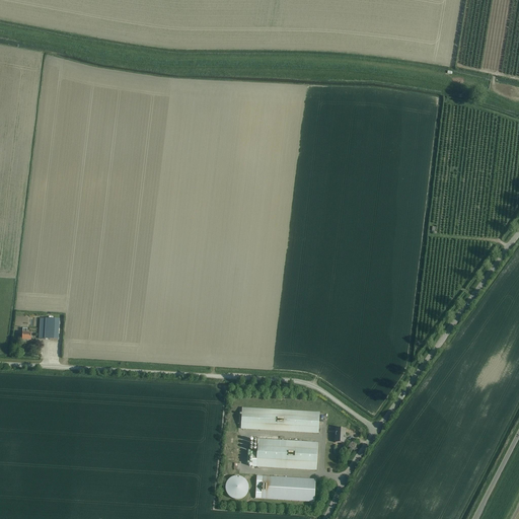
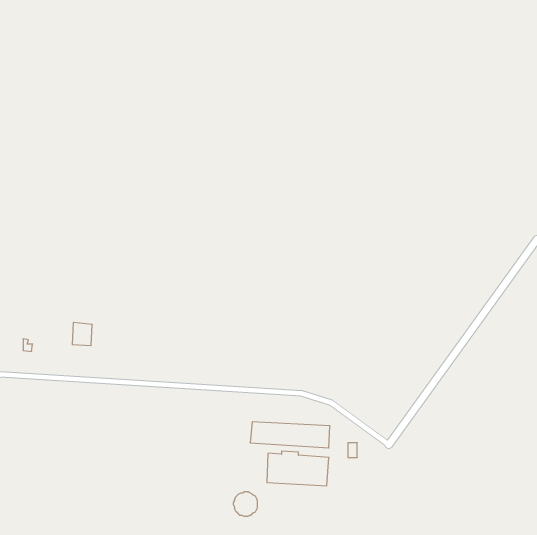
building: [40,317,59,340] -> [72,322,92,346]
building: [255,475,314,502] -> none

